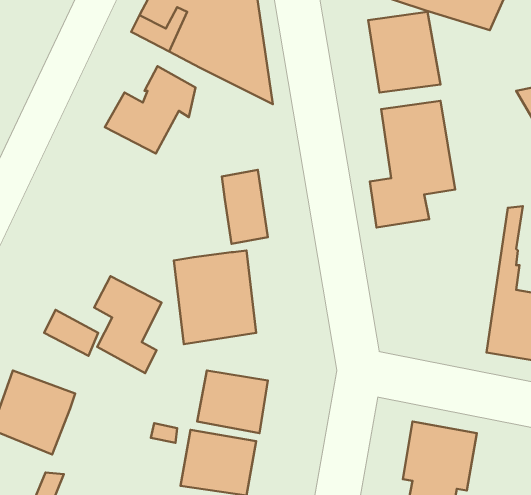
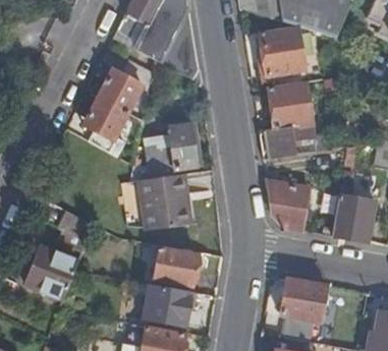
building: none -> [146,141,175,177]
building: none -> [268,180,309,231]
building: [94,276,161,373] -> [87,97,128,157]

